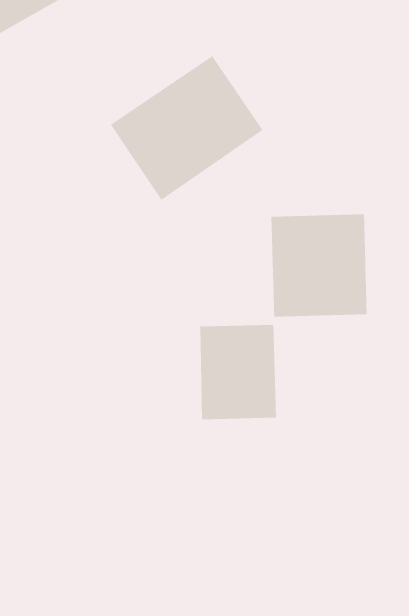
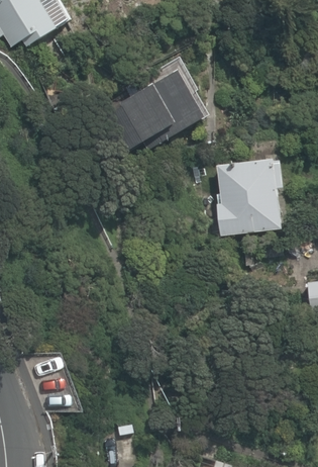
building: [199,324,277,420] -> none

